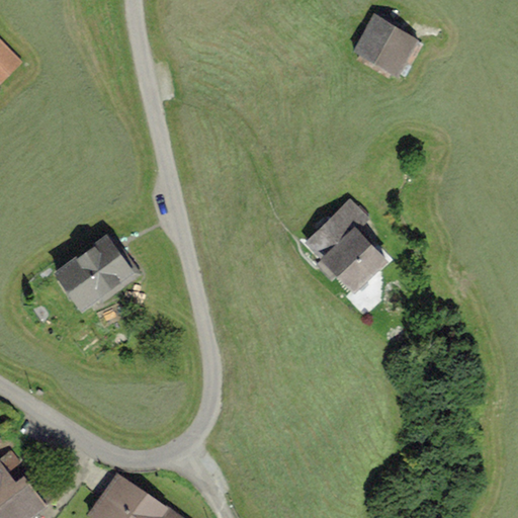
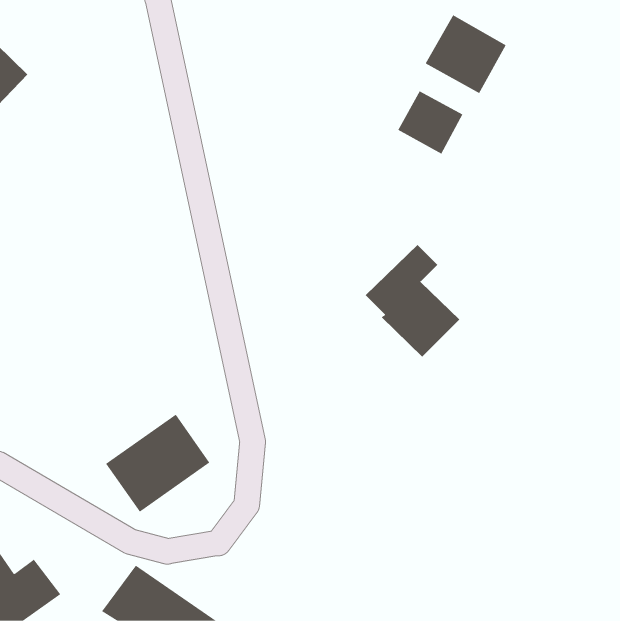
building: none -> [397,91,463,155]
building: [51,236,138,318] -> [105,414,210,513]

